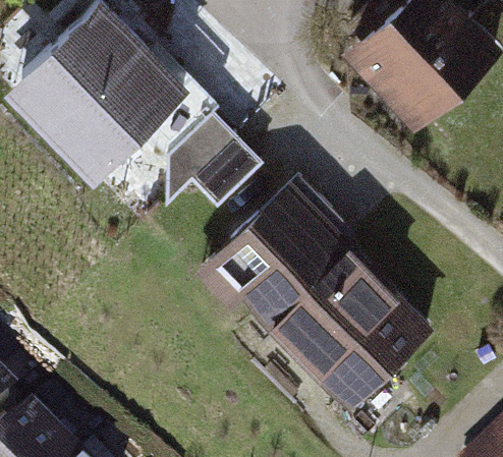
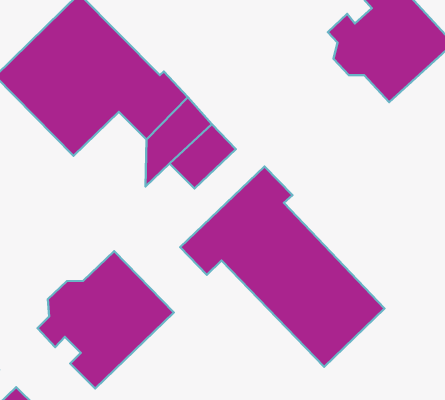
building: none -> [37,251,174,388]

